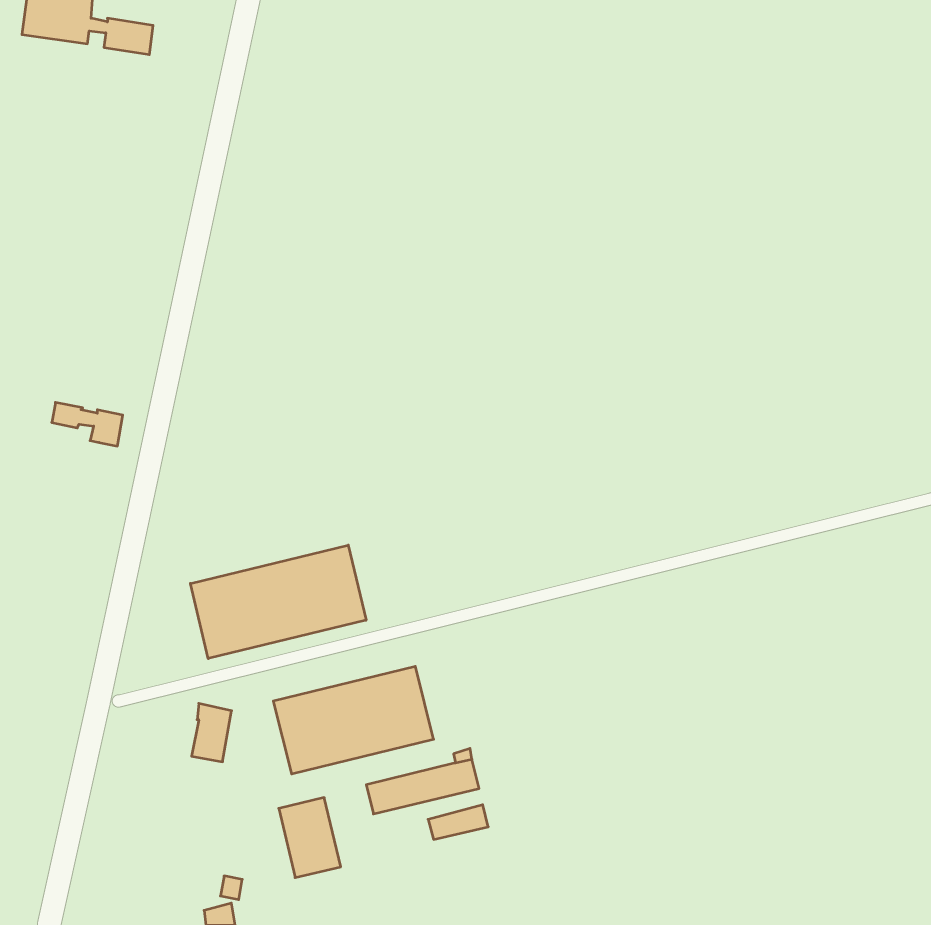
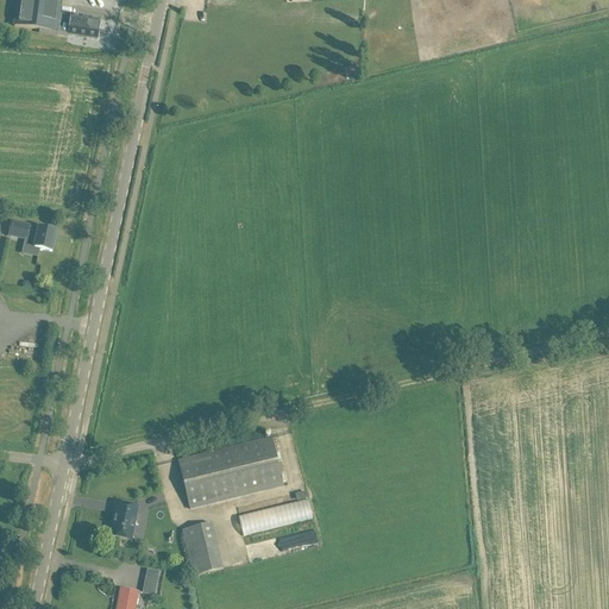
building: [52,402,123,446] -> [10,220,56,249]
building: [190,545,366,659] -> none
building: [192,703,232,762] -> [111,500,137,538]

